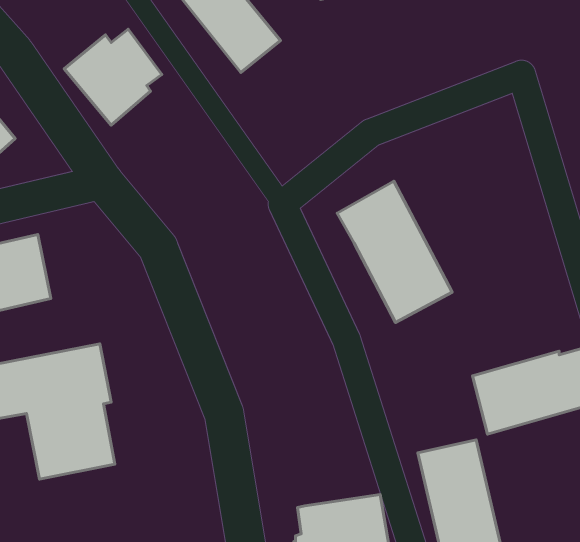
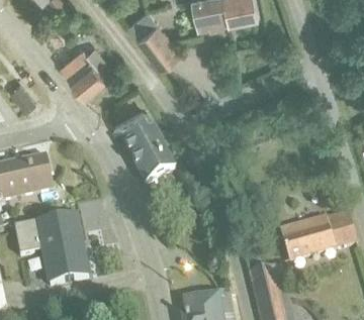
building: [337,181,452,322] -> [113,106,175,182]

